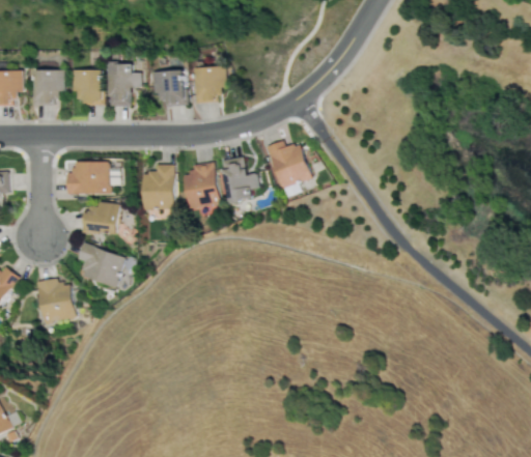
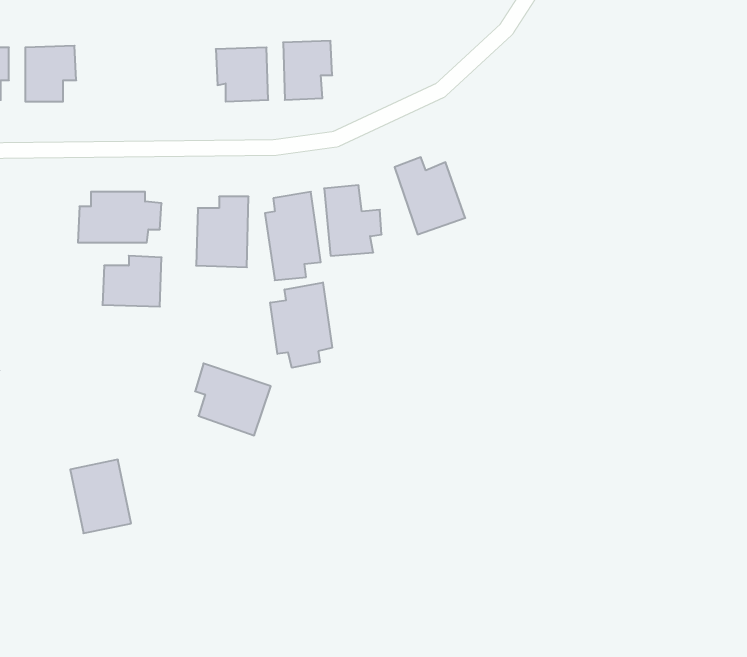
building: [109,63,142,107] -> none
building: [72,69,103,105] -> none
building: none -> [270,282,332,368]
building: [77,242,124,288] -> [195,363,271,435]
building: [35,277,74,323] -> [70,460,131,533]

